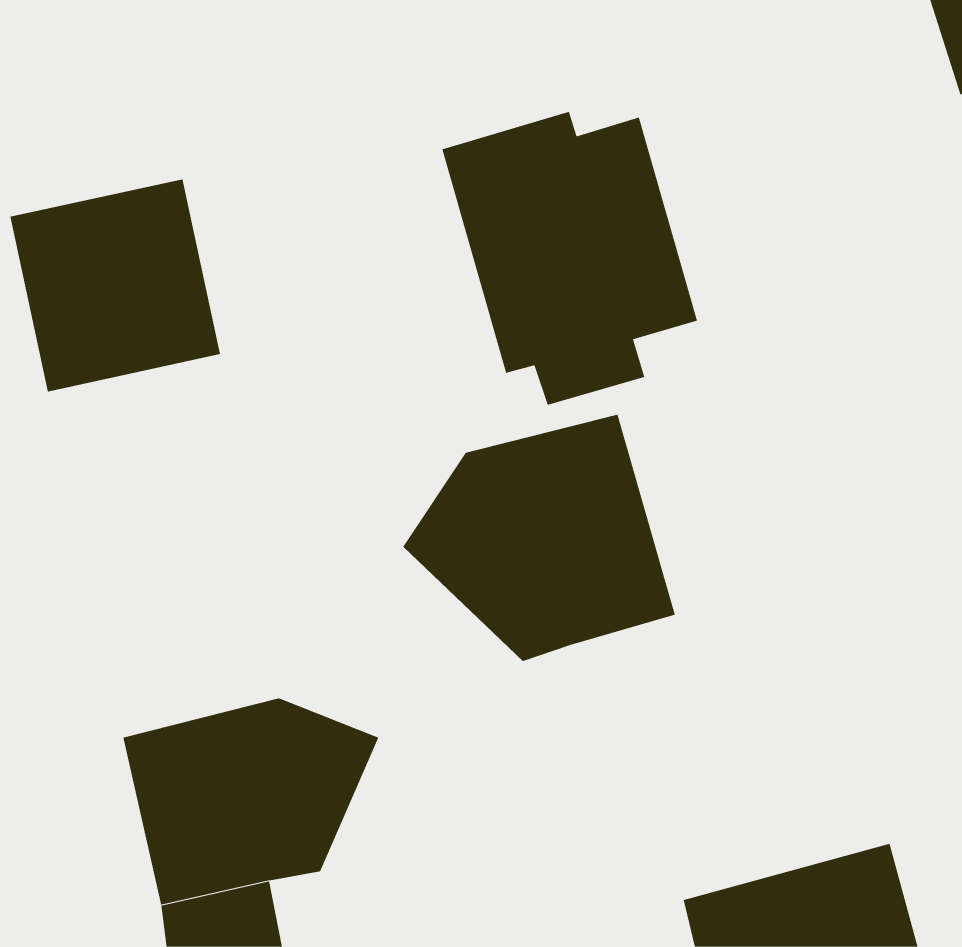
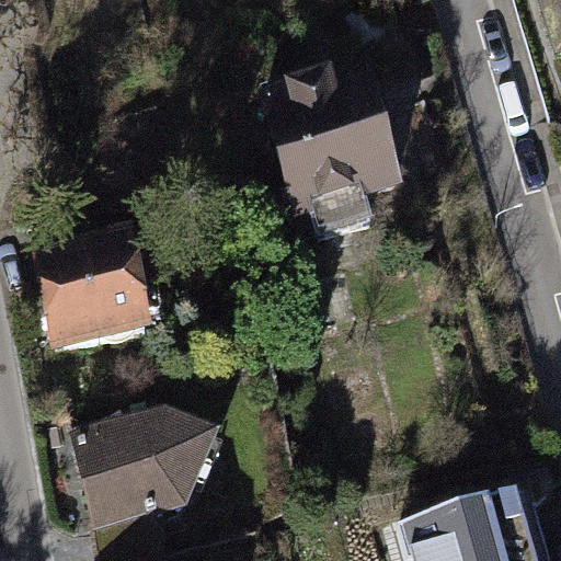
building: [10,179,221,392] -> [31,228,153,352]
building: [403,414,676,662] -> none

